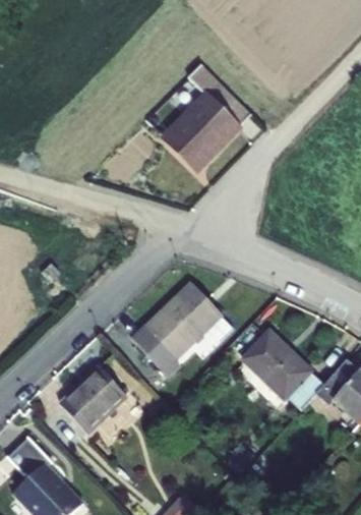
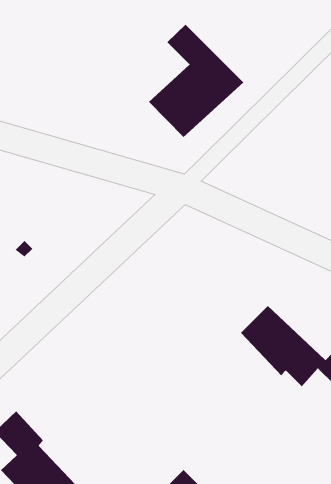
building: [137,281,227,374] -> none
building: [68,369,134,435] -> none

